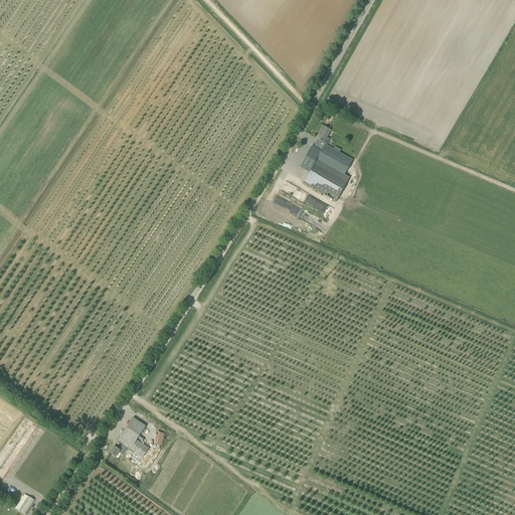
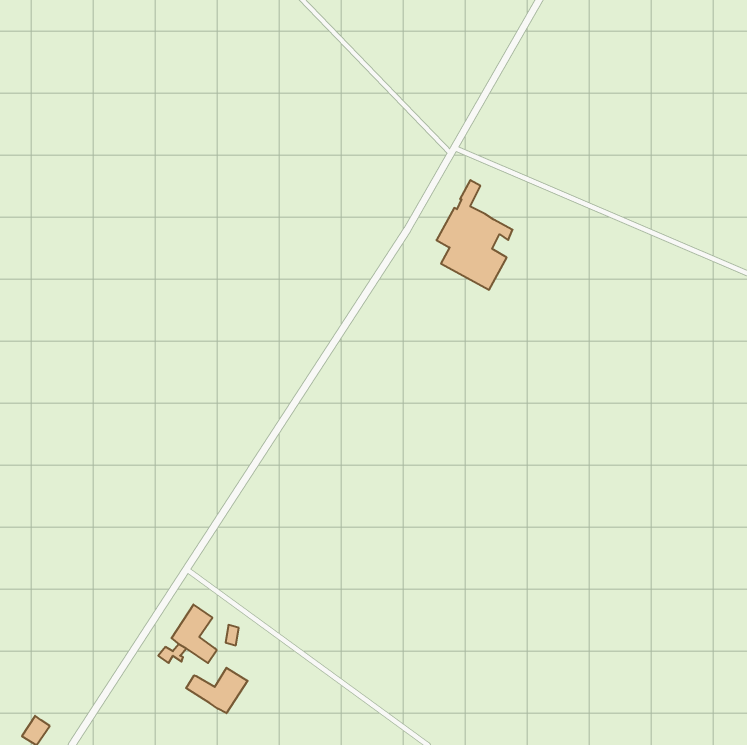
building: none -> [186,668,248,713]

